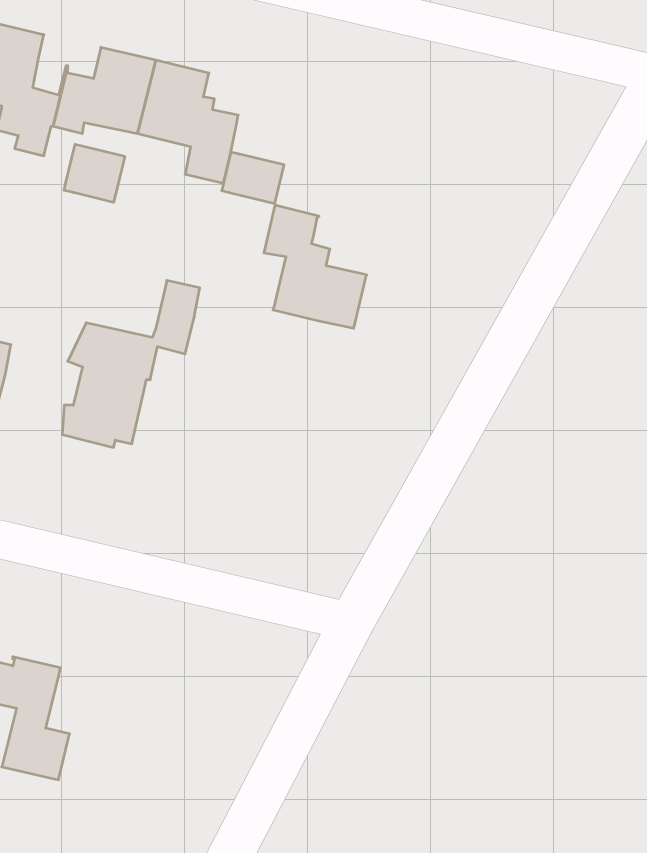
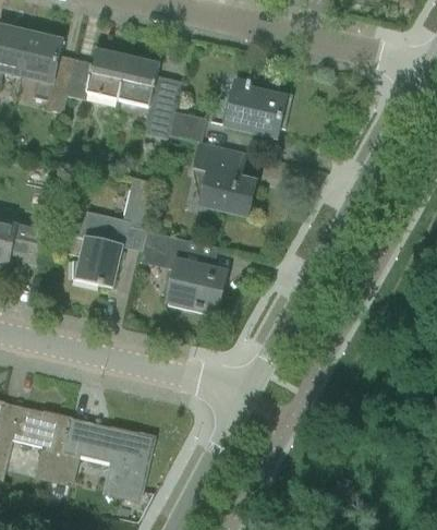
building: none -> [224,80,291,136]
building: [64,144,125,202] -> none
building: none -> [142,230,224,311]
building: none -> [62,421,153,498]

